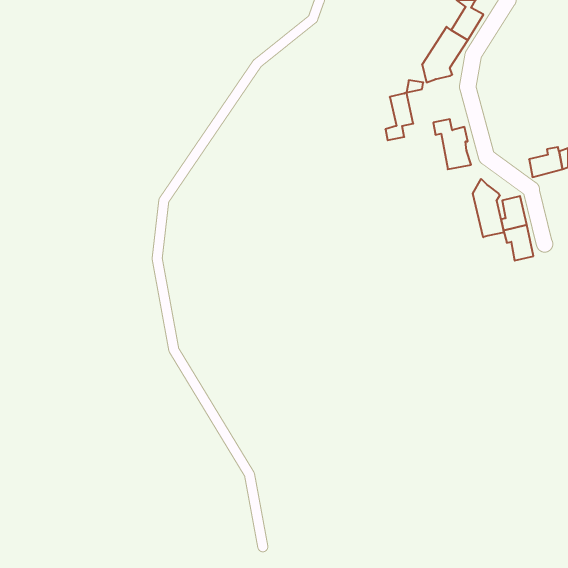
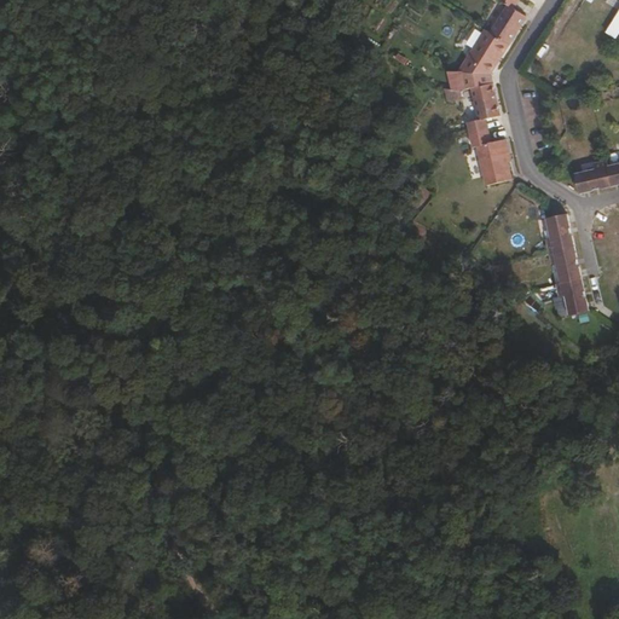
building: [385,92,413,140] -> [468,82,498,134]
building: [473,179,504,237] -> none
building: none -> [556,279,586,314]

